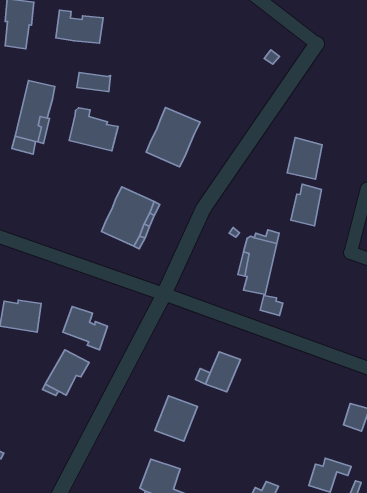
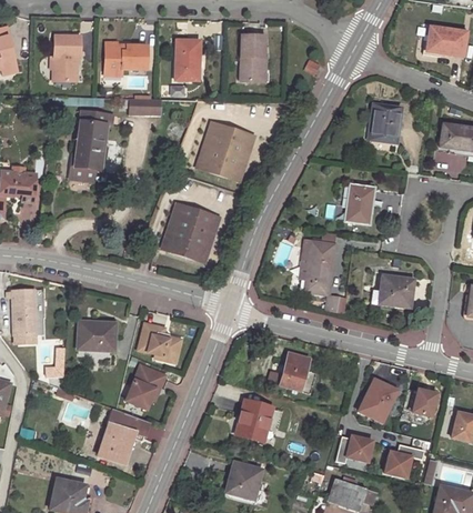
building: none -> [175,39,200,79]
building: none -> [241,33,264,80]
building: [69,108,118,151] -> none
building: [287,138,322,179] -> [369,103,400,141]
building: none -> [371,274,414,306]
building: none -> [359,379,397,421]
building: none -> [98,409,147,463]
building: none -> [336,435,373,463]

